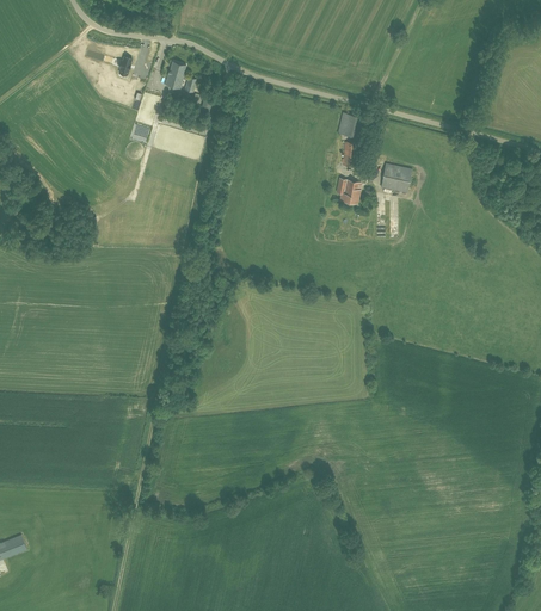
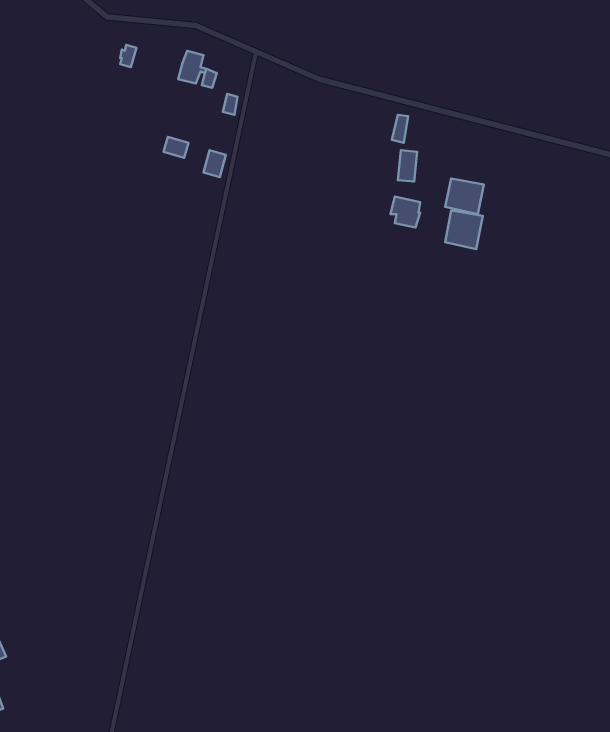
building: none -> [445,211,483,249]

